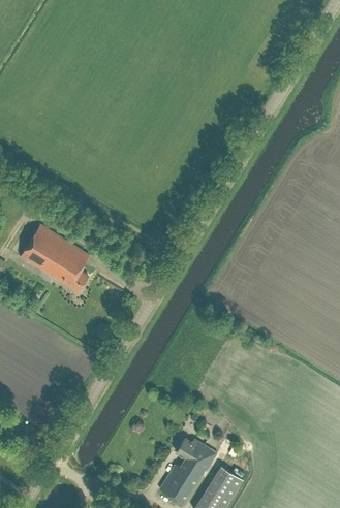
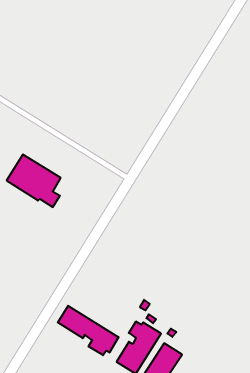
building: none -> [58,306,119,355]

